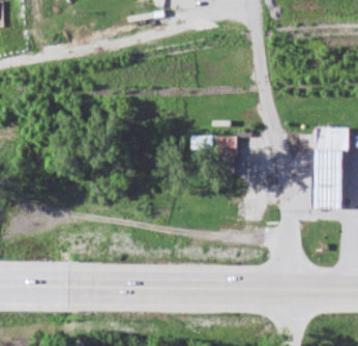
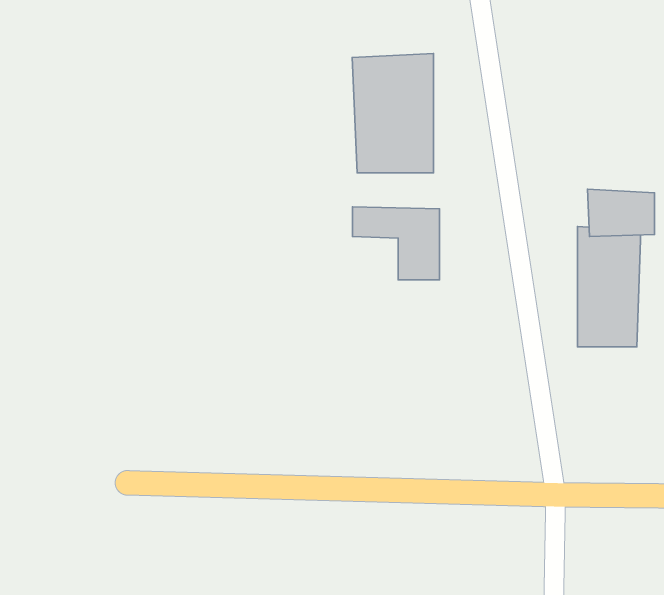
building: none -> [352,53,434,173]

